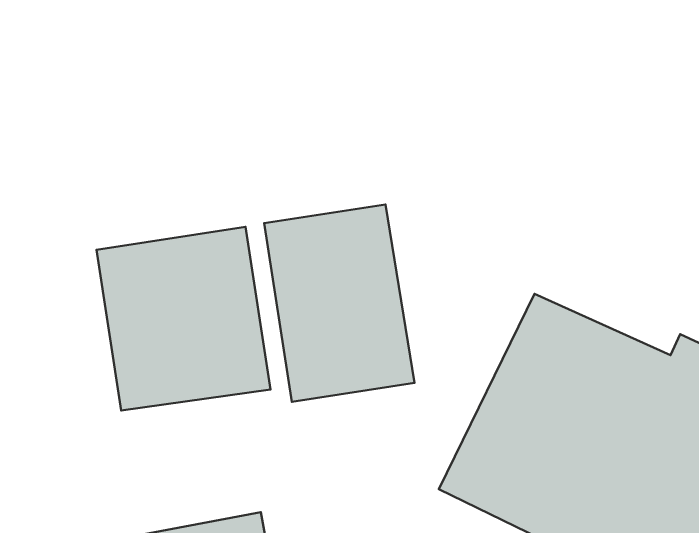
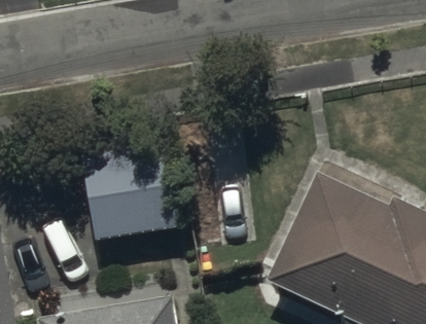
building: [264,205,414,402] -> none

